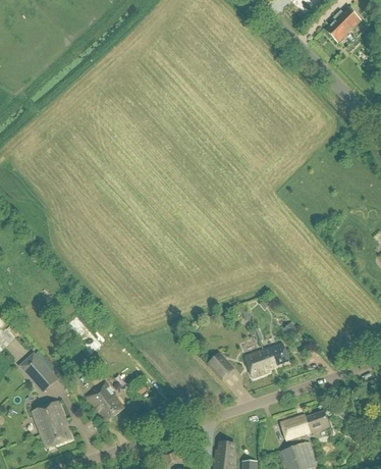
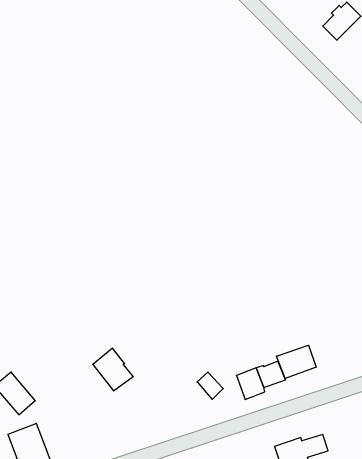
building: none -> [276,345,316,379]
building: [87,380,124,420] -> [93,348,133,391]

